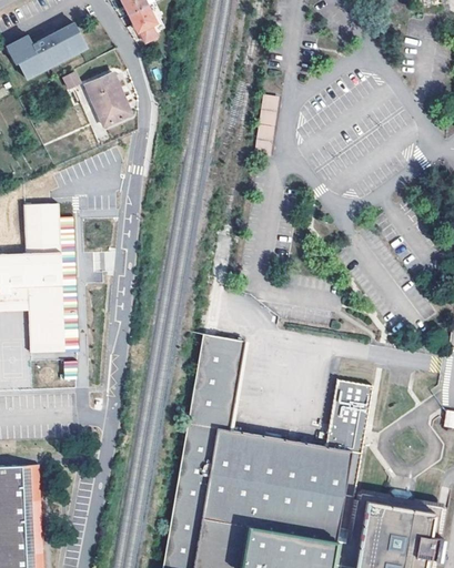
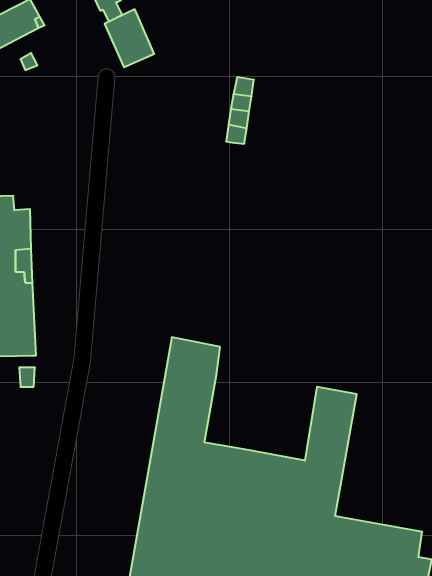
building: [85,72,131,125] -> [105,9,154,67]

